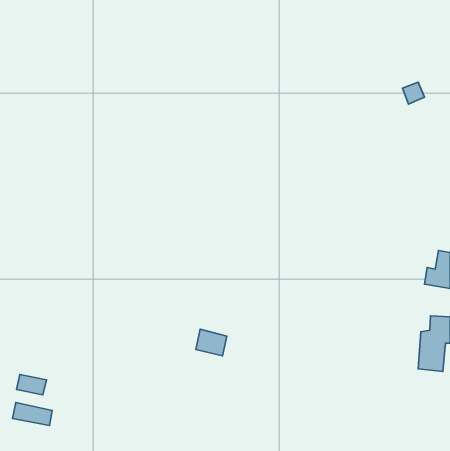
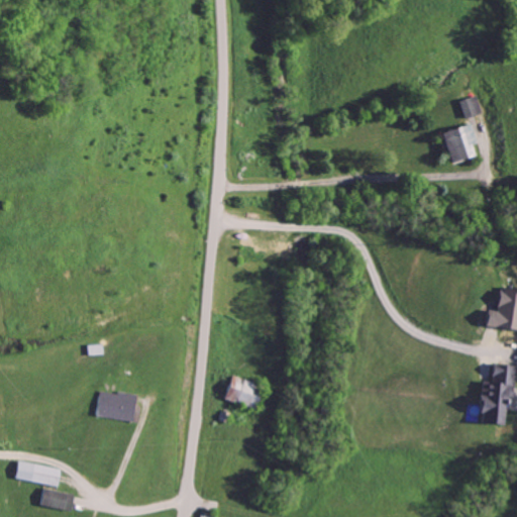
building: none -> [444,122,483,164]
building: none -> [96,391,139,421]
building: [16,374,46,395] -> [39,488,74,511]

